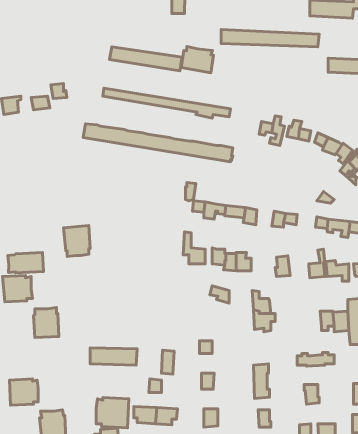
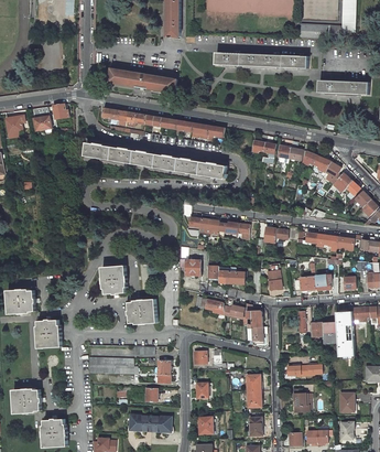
building: [181,46,214,73] -> none
building: [64,226,90,257] -> [100,265,126,294]
building: [8,253,43,273] -> none
building: none -> [127,299,156,324]
building: [96,398,129,428] -> none

